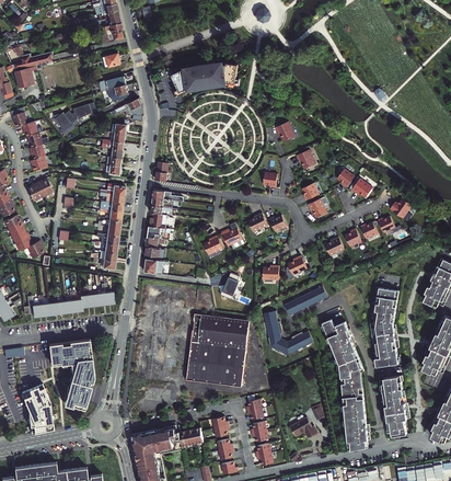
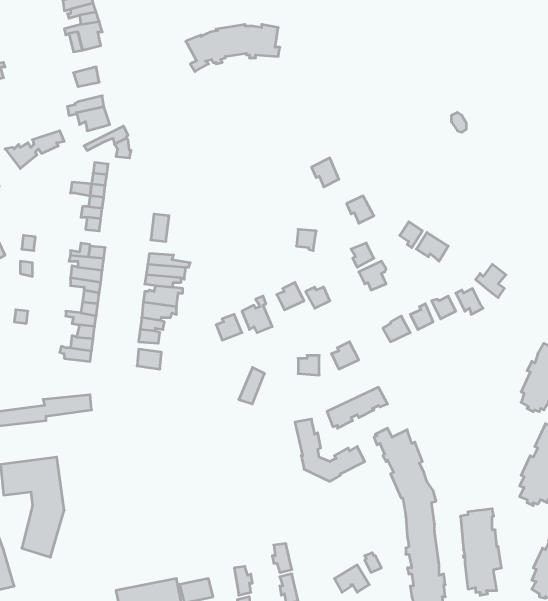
building: [171,62,239,96] -> [186,24,280,72]
building: [373,286,404,365] -> none
building: [185,314,247,387] -> none

